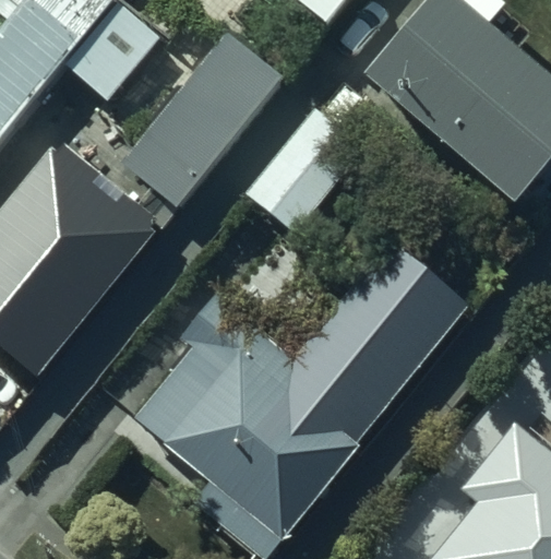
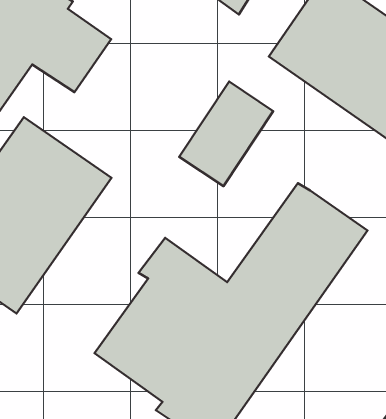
building: [124,47,289,225] -> none

